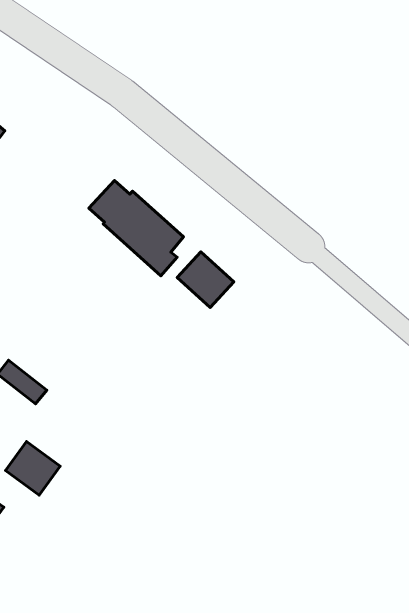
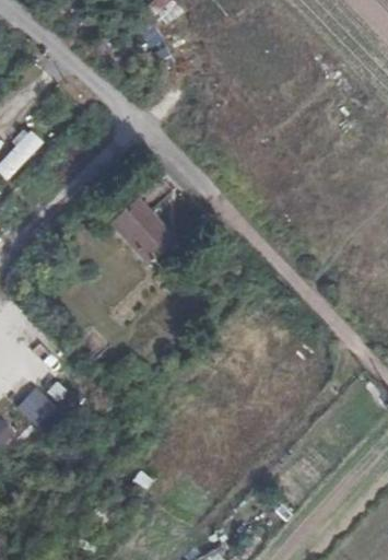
building: [177,252,234,307] -> none

